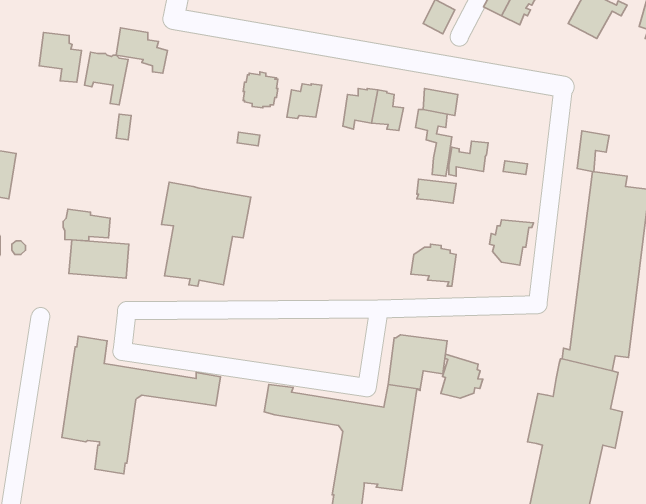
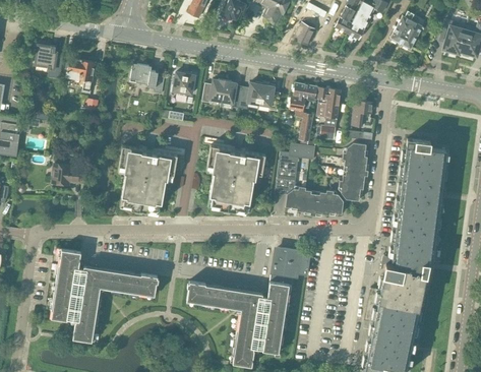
building: [116,28,168,73] -> [130,63,165,94]
building: none -> [222,80,243,108]
building: none -> [317,87,341,119]
building: [577,131,609,172] -> [352,100,373,127]
building: none -> [343,143,368,173]
building: none -> [206,145,265,215]
building: none -> [276,151,299,194]
building: [69,240,129,278] -> none
building: none -> [313,190,344,216]
building: [441,354,483,398] -> none

